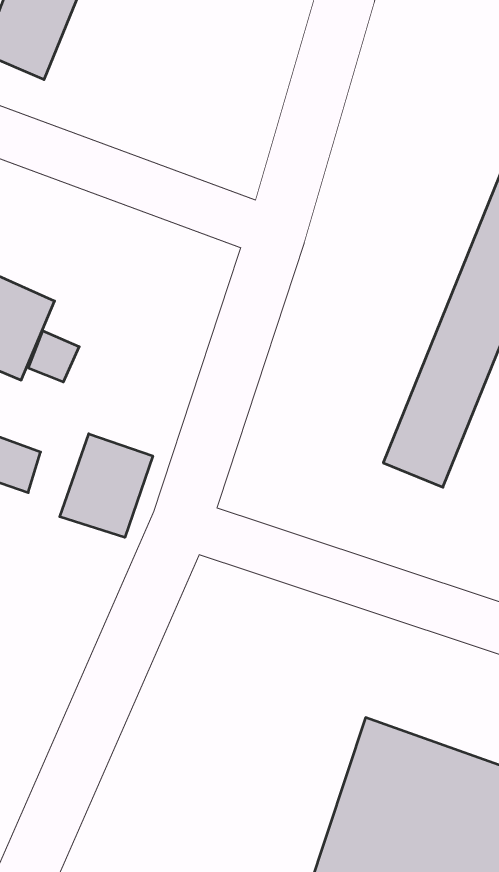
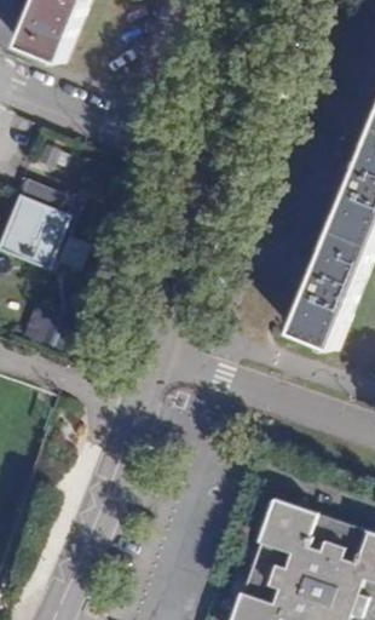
building: [60,434,153,537] -> none

